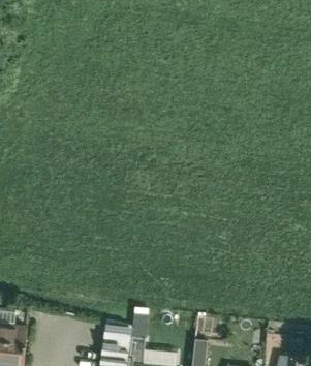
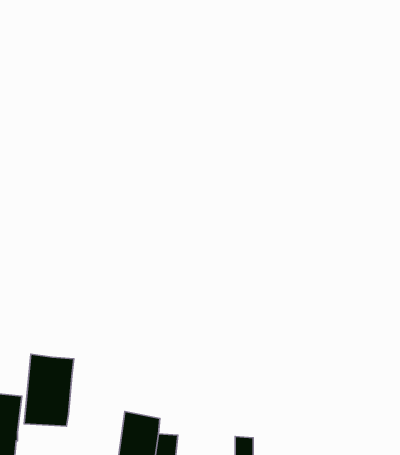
building: none -> [24,354,74,426]

